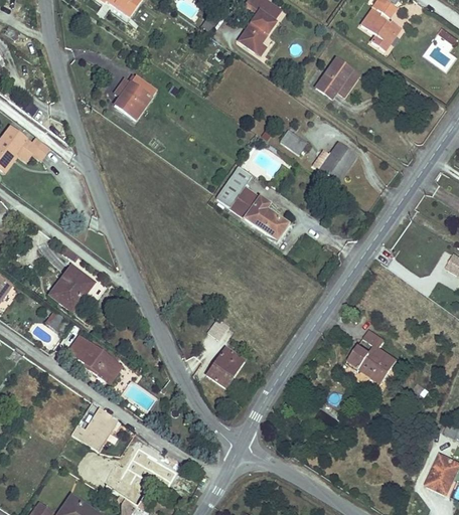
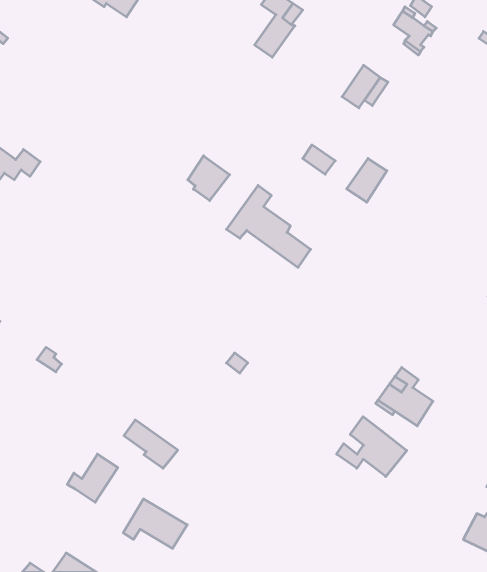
building: [118,76,157,118] -> none
building: none -> [188,156,230,201]
building: [49,267,95,313] -> none
building: [67,337,116,380] -> [124,420,178,468]
building: [208,346,245,384] -> none
building: none -> [337,417,407,477]

